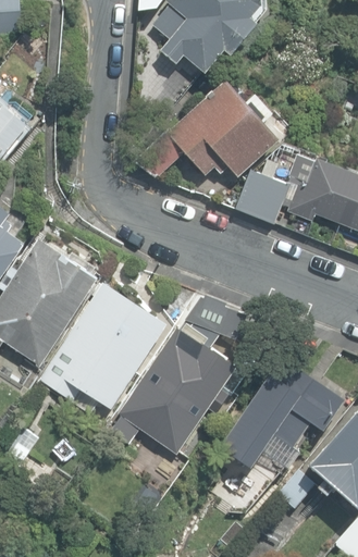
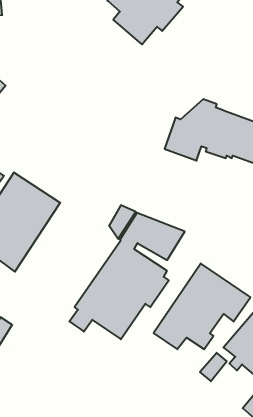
building: [132,82,277,183] -> none
building: [46,281,168,411] -> none

